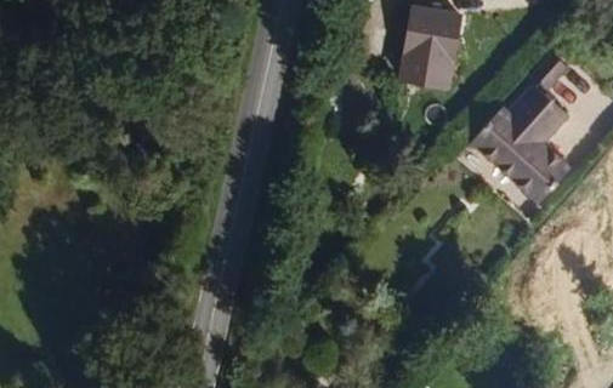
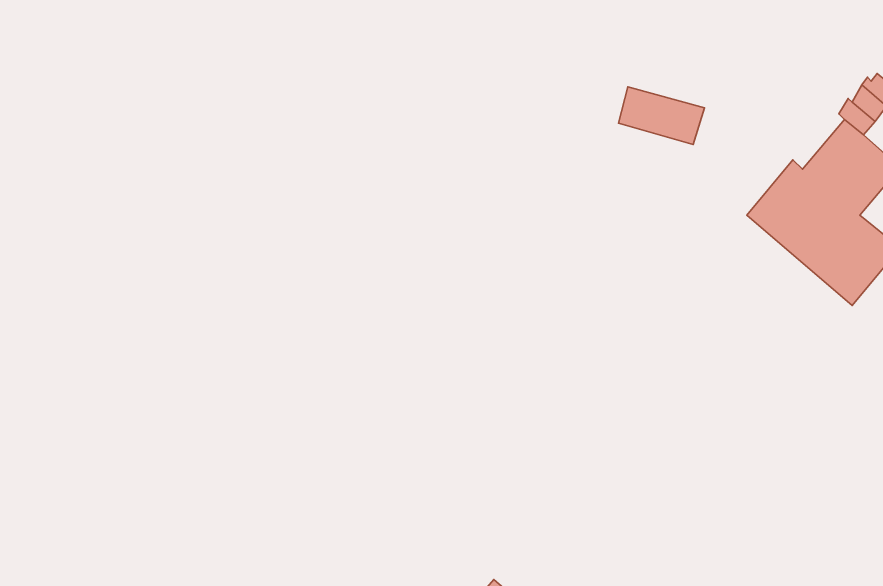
building: [399,10,461,70] -> none

